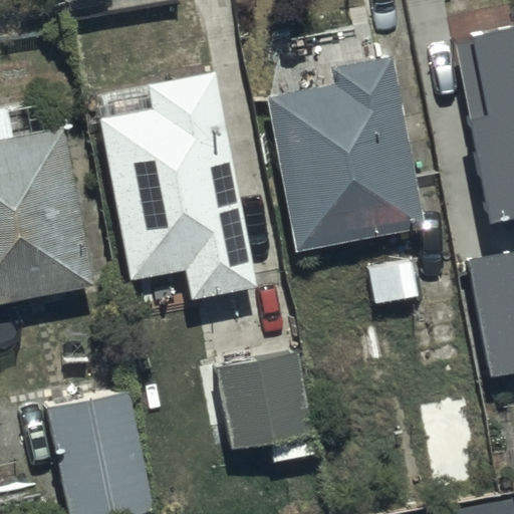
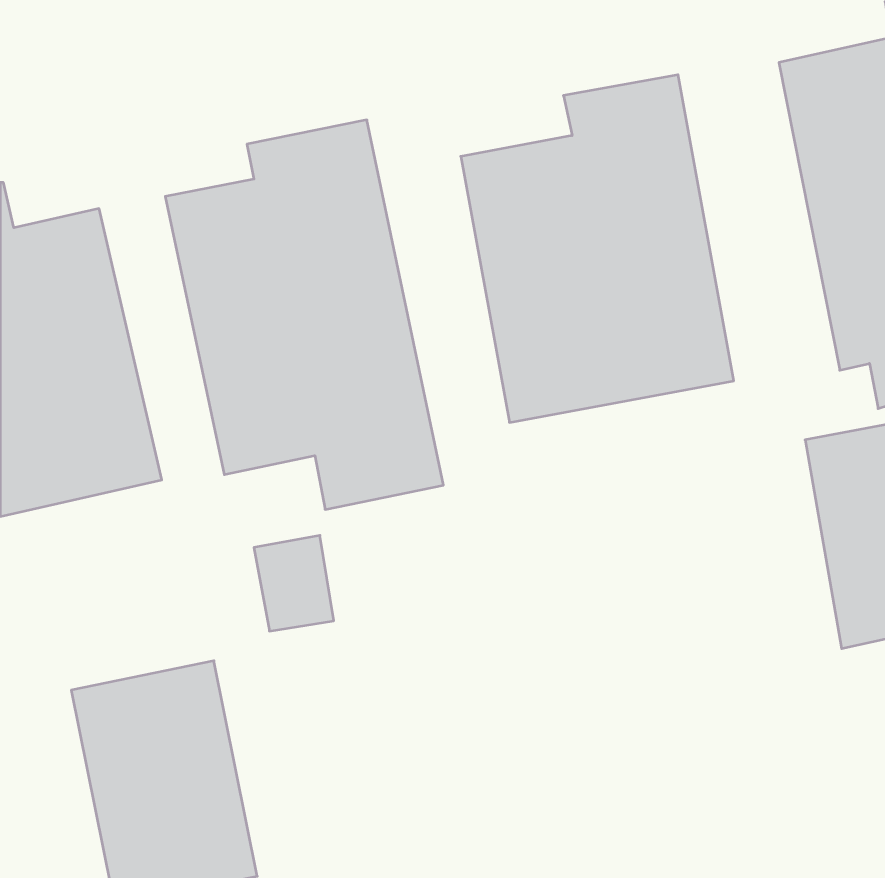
building: [218,358,308,452] -> none

